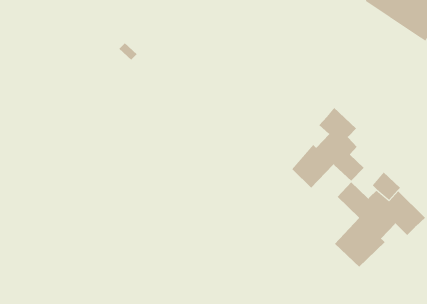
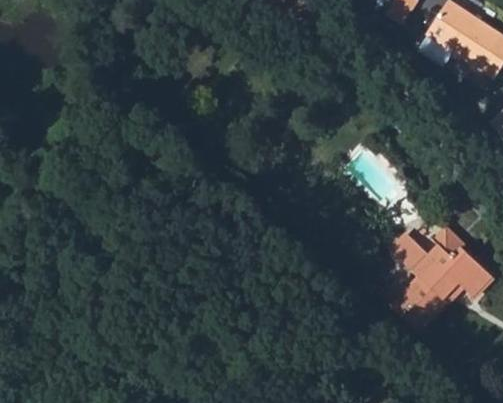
building: [291,107,364,188] -> none

